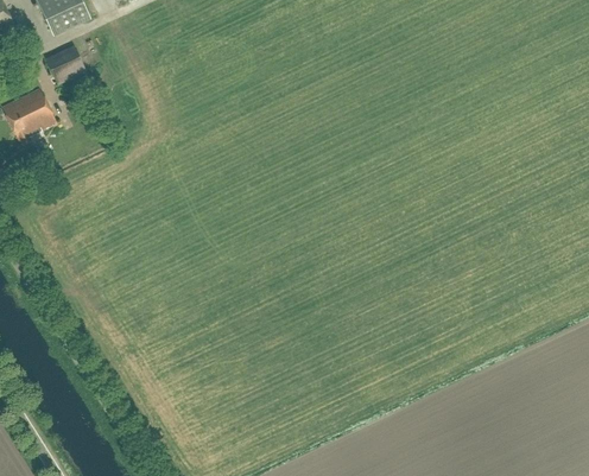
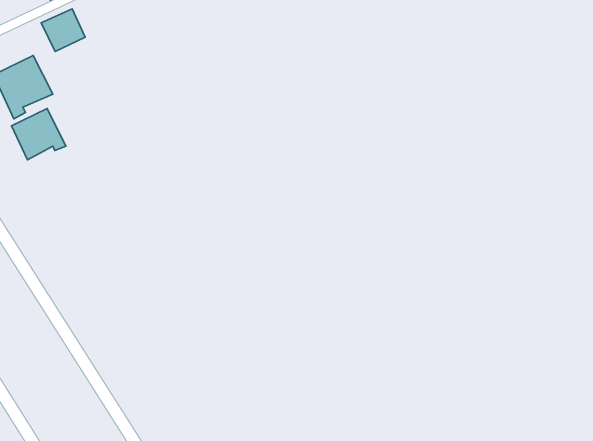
building: none -> [11,108,66,160]

